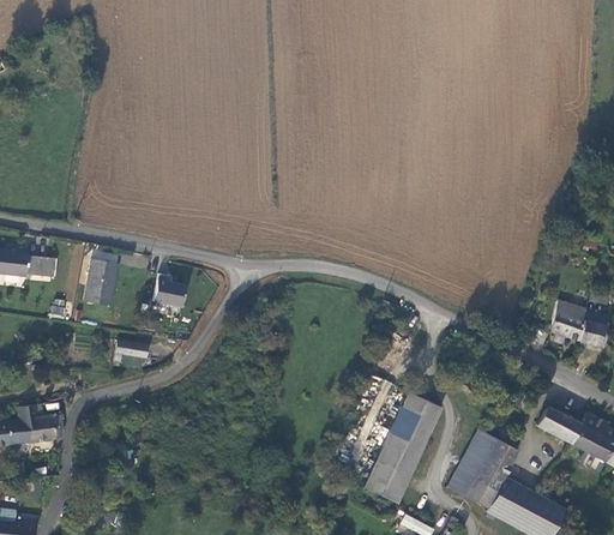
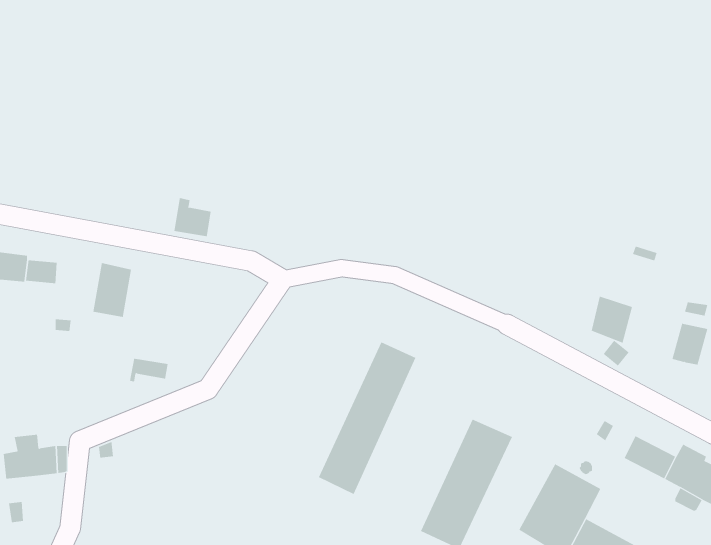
building: [154,272,186,306] -> [174,197,212,237]
building: [550,300,586,341] -> [591,296,633,344]
building: none -> [318,341,416,495]

